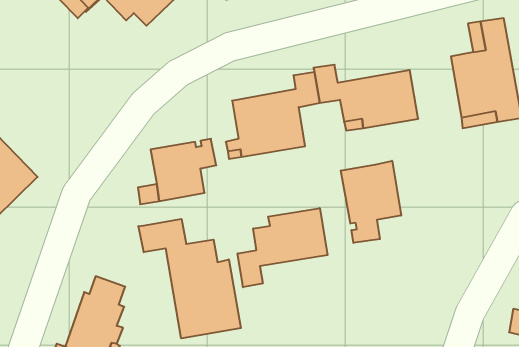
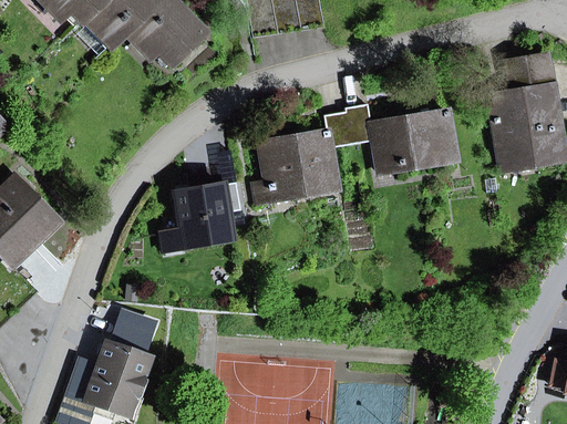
building: [341,161,401,243] -> none
building: [238,208,328,287] -> none
building: [138,219,241,338] -> none

